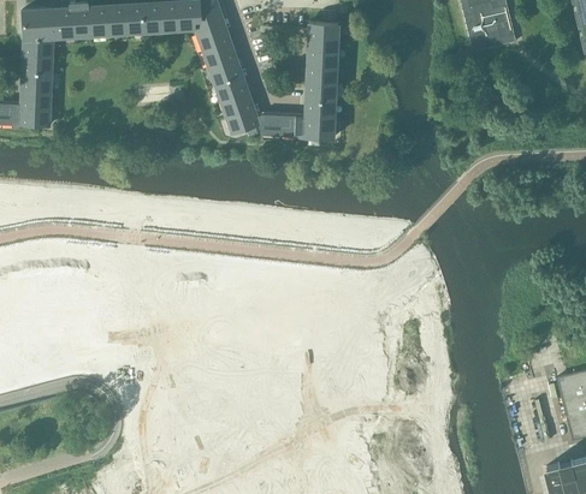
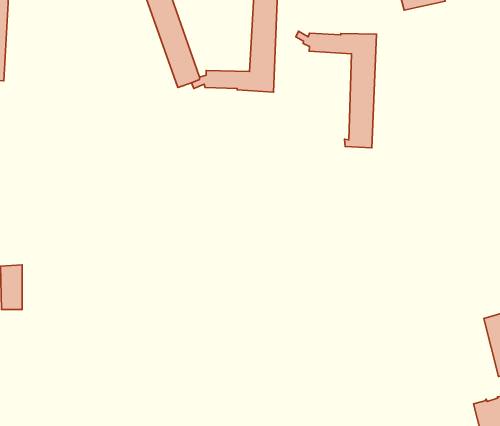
building: none -> [296,31,377,148]

